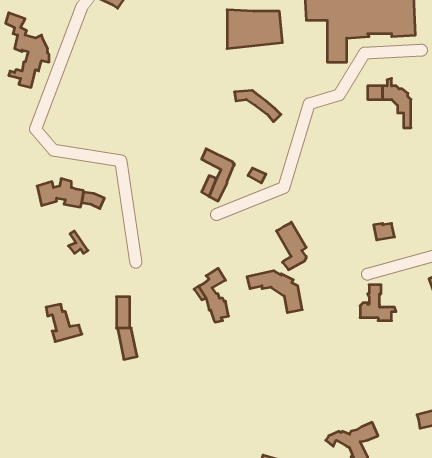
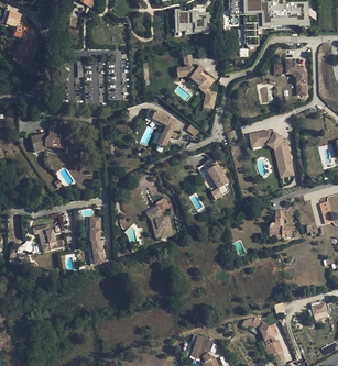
building: [247,271,302,313] -> [249,130,290,160]

